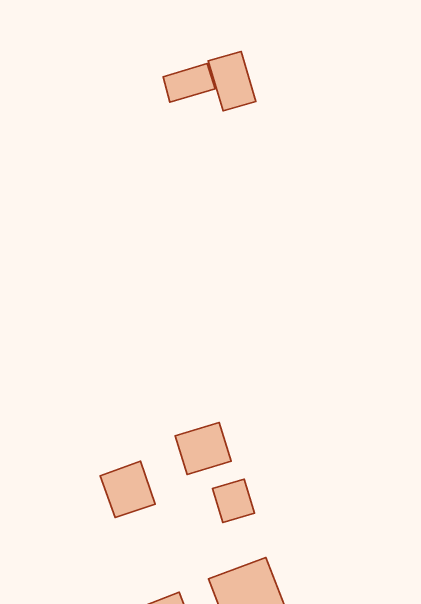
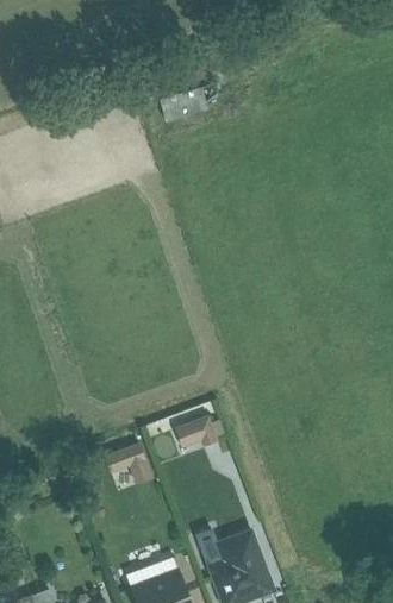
building: [208,52,256,111] -> none
building: [212,479,255,522] -> none

